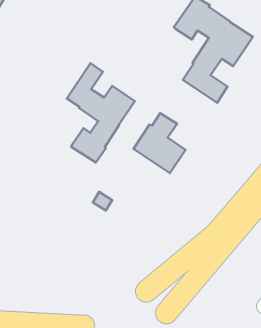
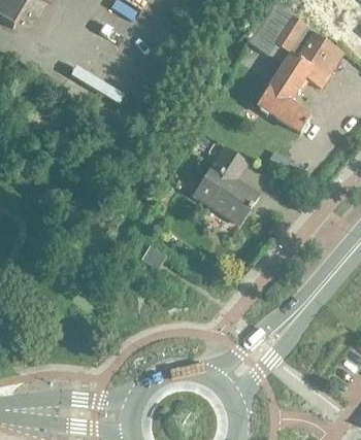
building: [67,63,135,162] -> none

